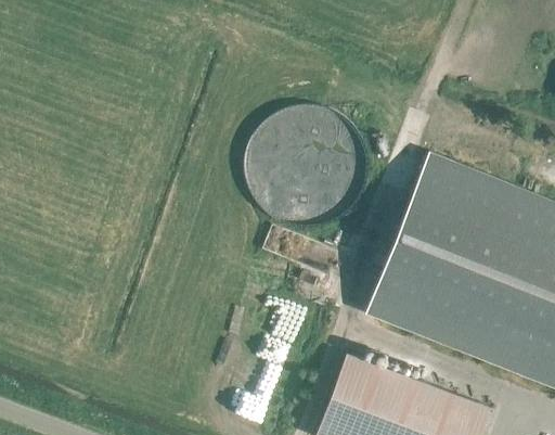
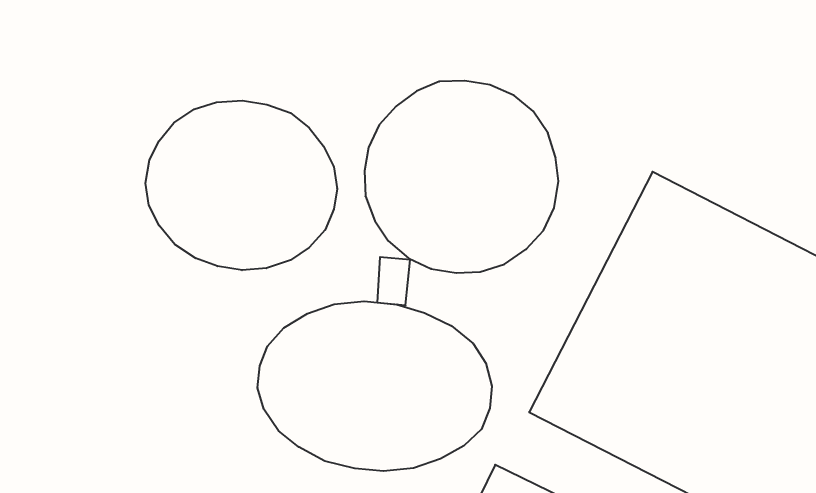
building: none -> [145,101,337,270]
building: none -> [258,301,492,471]

